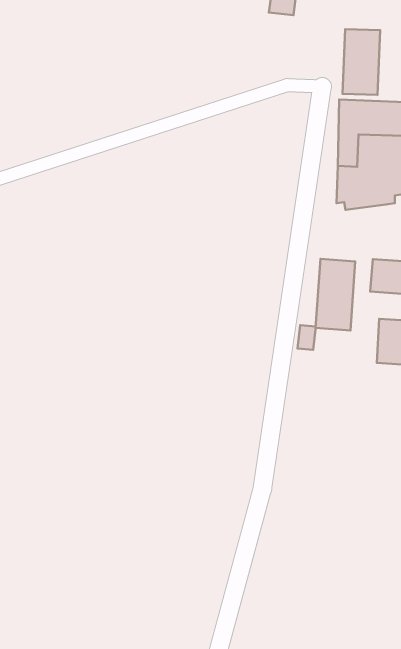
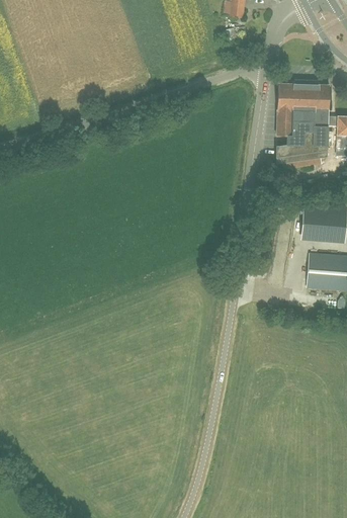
building: [343,29,380,95] -> none
building: [316,259,355,330] -> none

